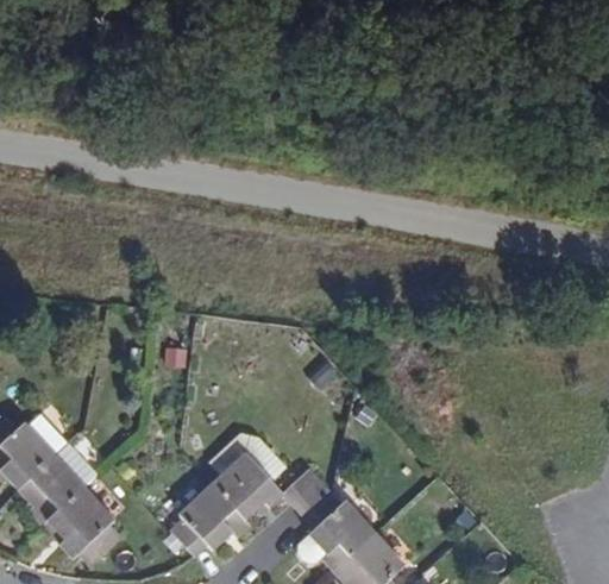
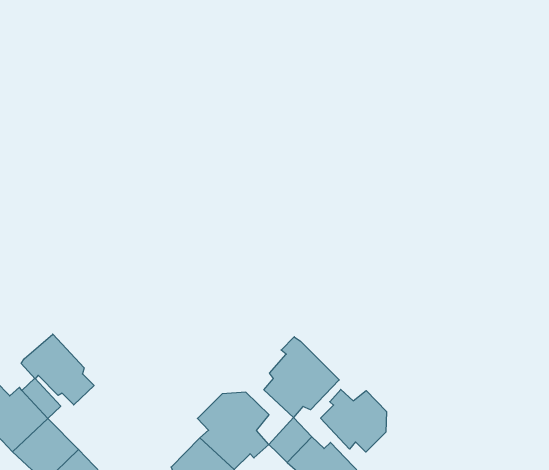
building: none -> [21,334,94,405]
building: none -> [264,337,339,418]
building: none -> [321,389,386,452]

